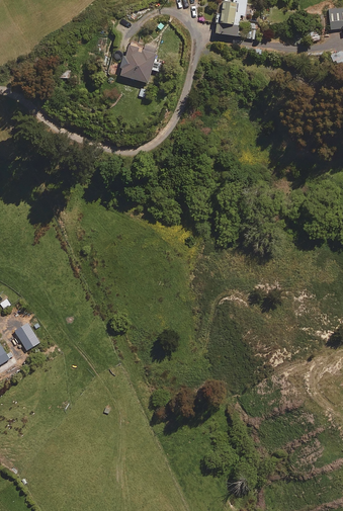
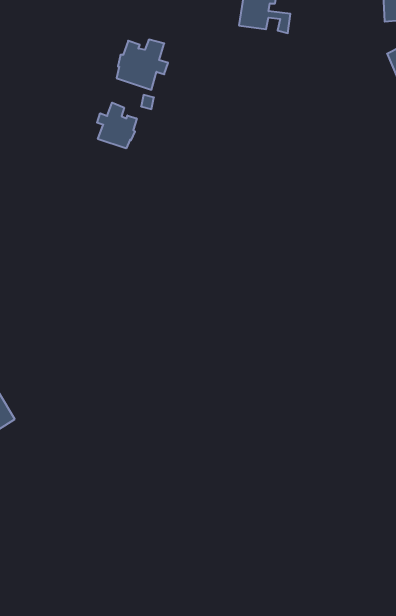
building: none -> [97,103,137,148]

